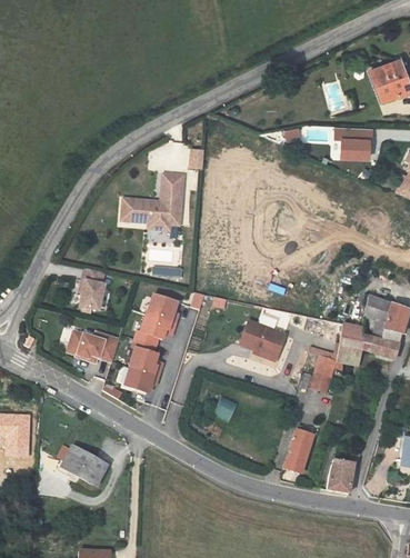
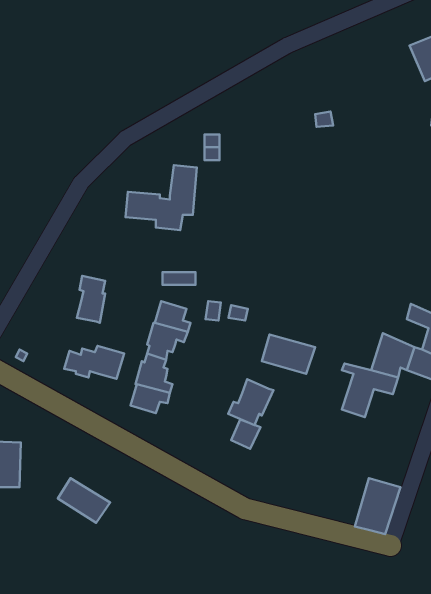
building: [334,128,371,159] -> none
building: none -> [228,379,274,425]
building: [283,430,312,474] -> none

